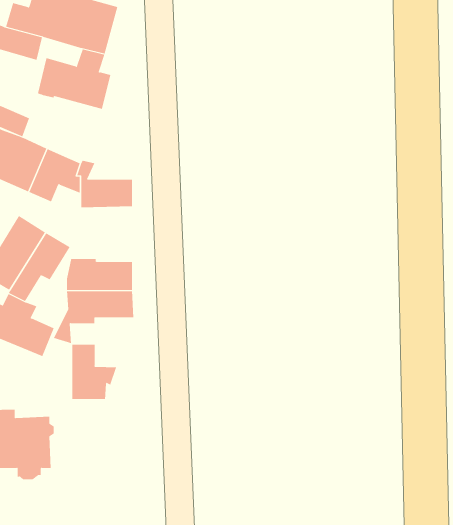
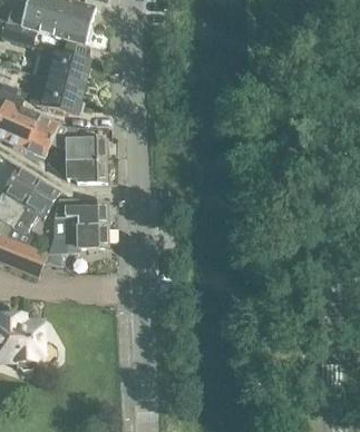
building: none -> [28,75,82,114]
building: none -> [59,159,106,183]
building: [72,344,117,400] -> none

